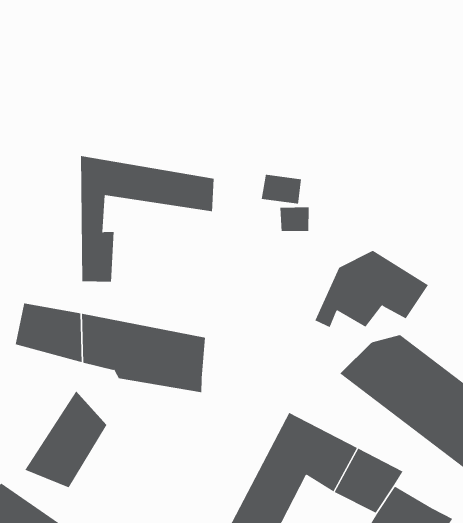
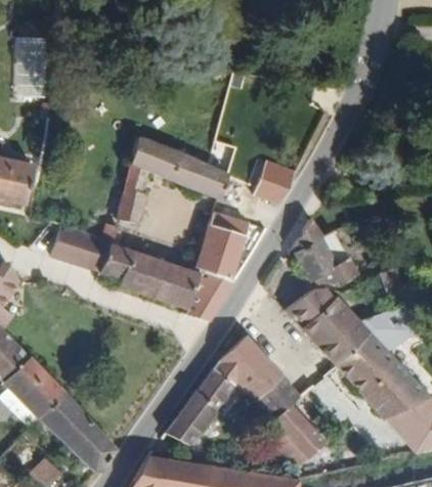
building: none -> [180,191,244,310]
building: [25,390,107,488] -> none

